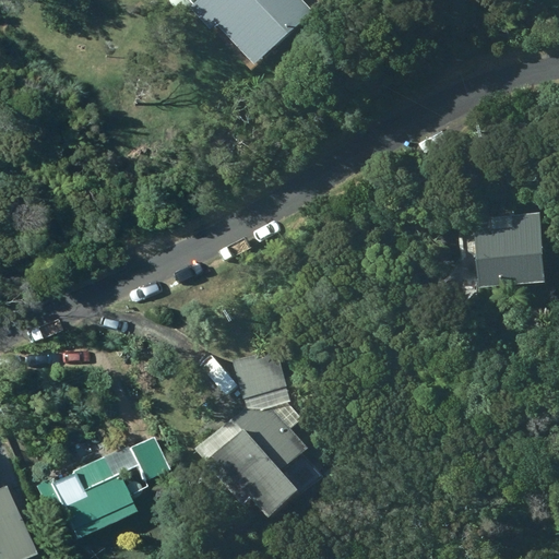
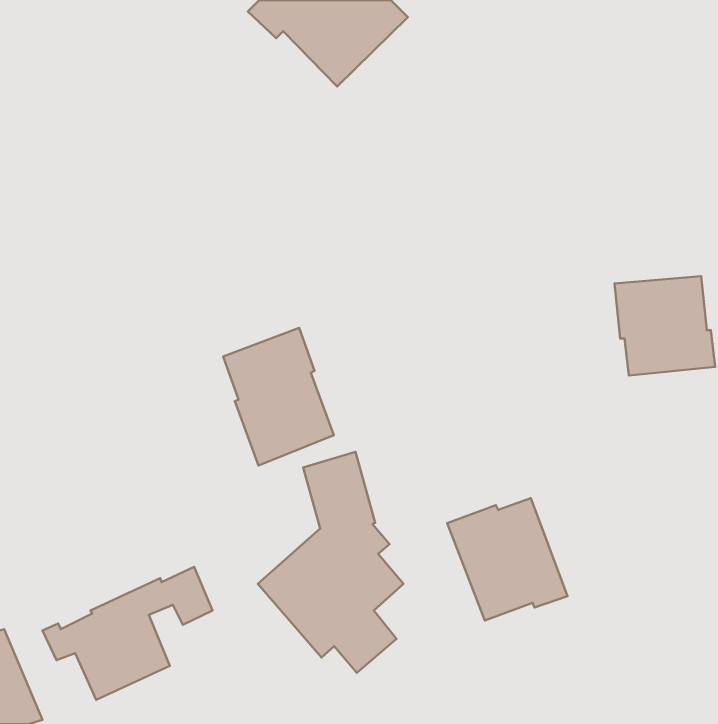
building: none -> [223,328,334,465]
building: none -> [447,498,567,620]

